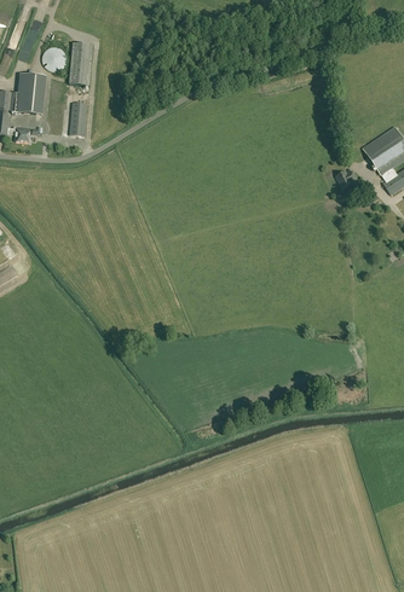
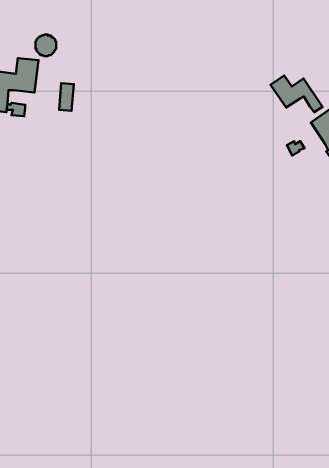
building: [69,42,93,86] -> none
building: none -> [270,76,322,112]

